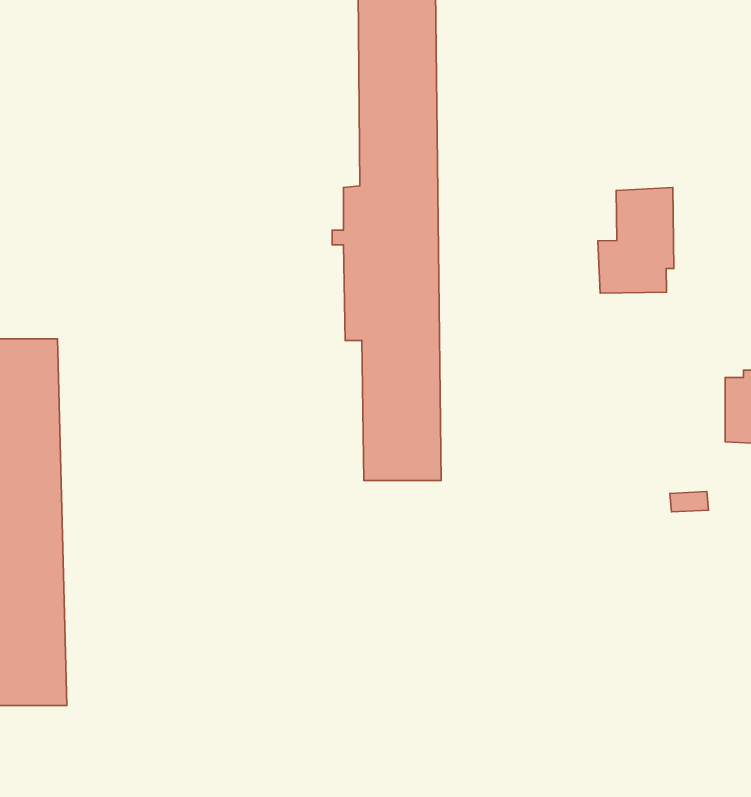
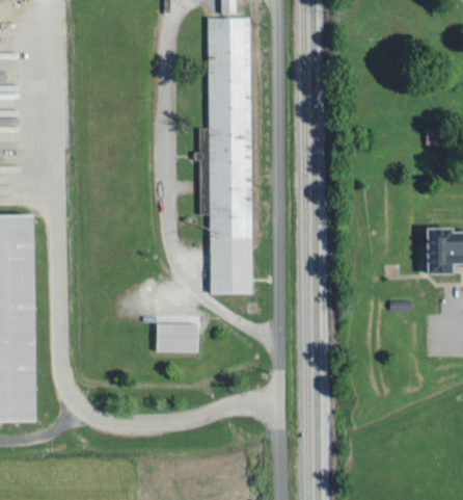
building: [598,188,674,293] -> none
building: none -> [157,323,198,353]

